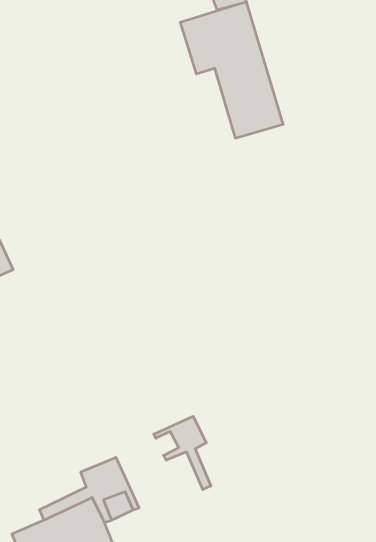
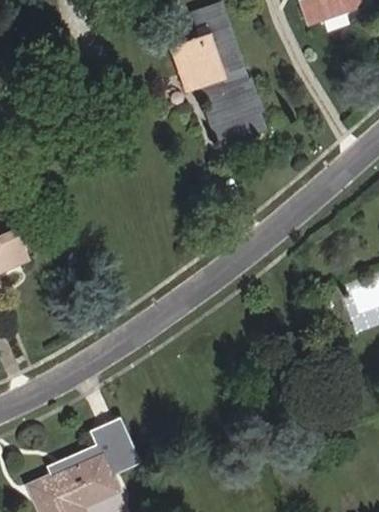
building: [154,416,211,490] -> none

